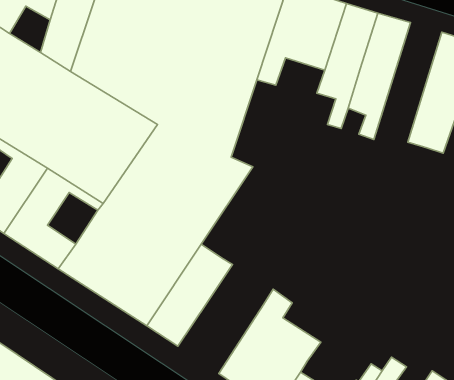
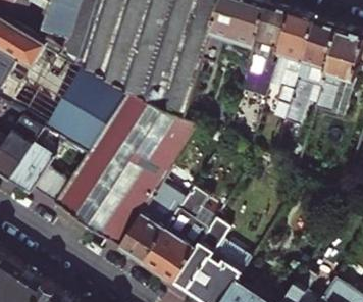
building: none -> [283,19,340,128]
building: none -> [142,189,213,283]

